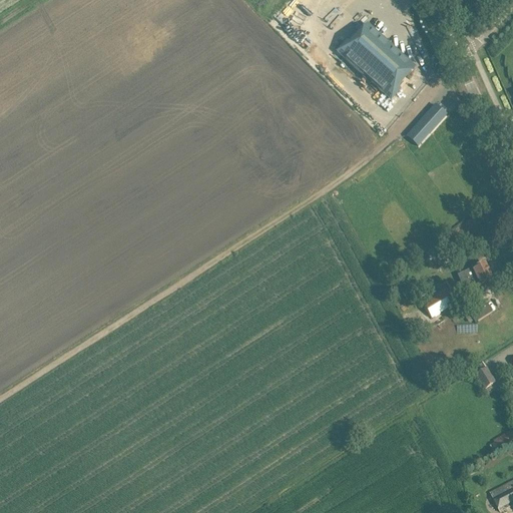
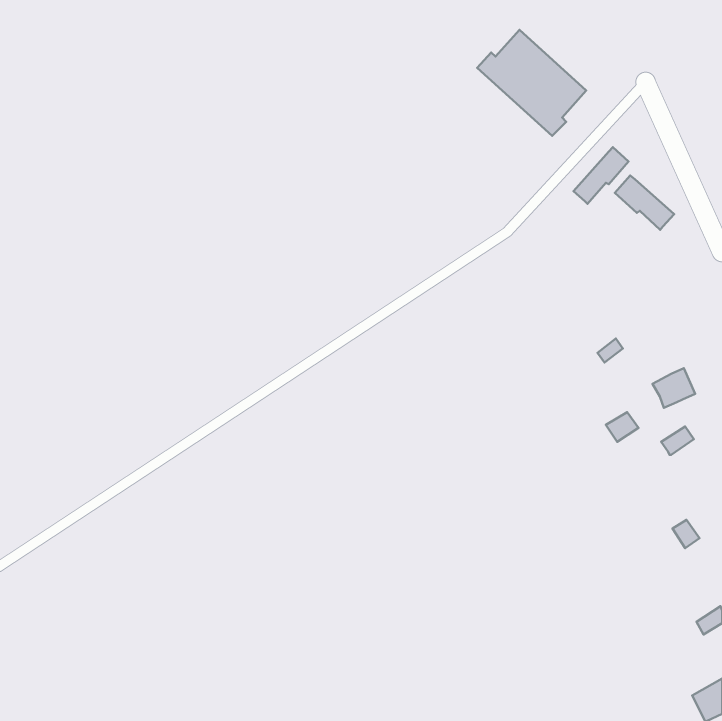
building: none -> [615,175,674,230]

